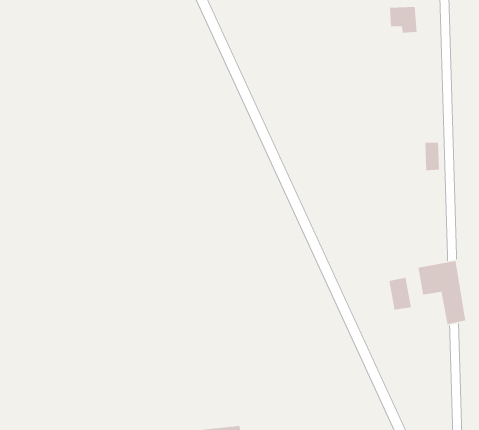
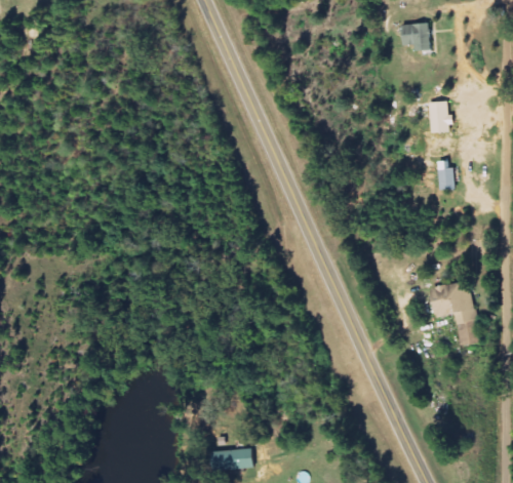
building: none -> [429,107,450,132]
building: [389,277,412,311] -> none

